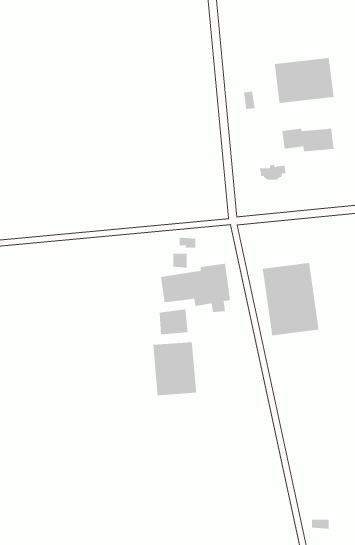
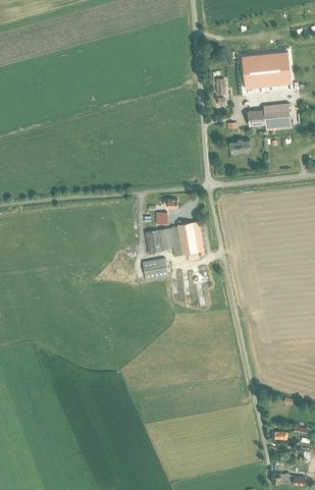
building: [262,262,319,336] -> none
building: [153,341,197,396] -> none

